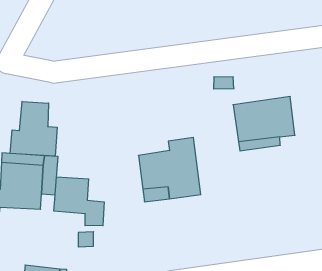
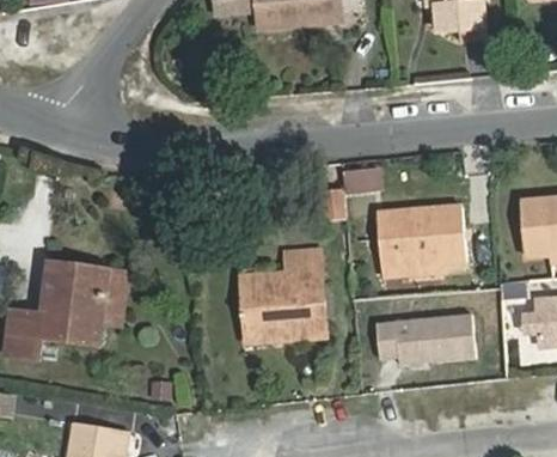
building: [10,101,57,156] -> none
building: none -> [379,312,478,364]
building: [54,177,104,226] -> none

